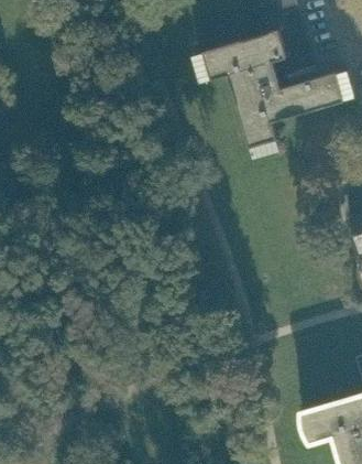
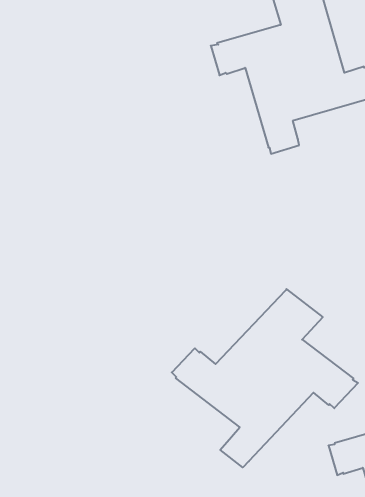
building: none -> [172,289,358,467]

